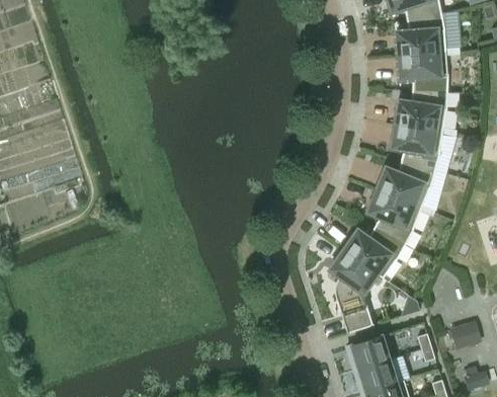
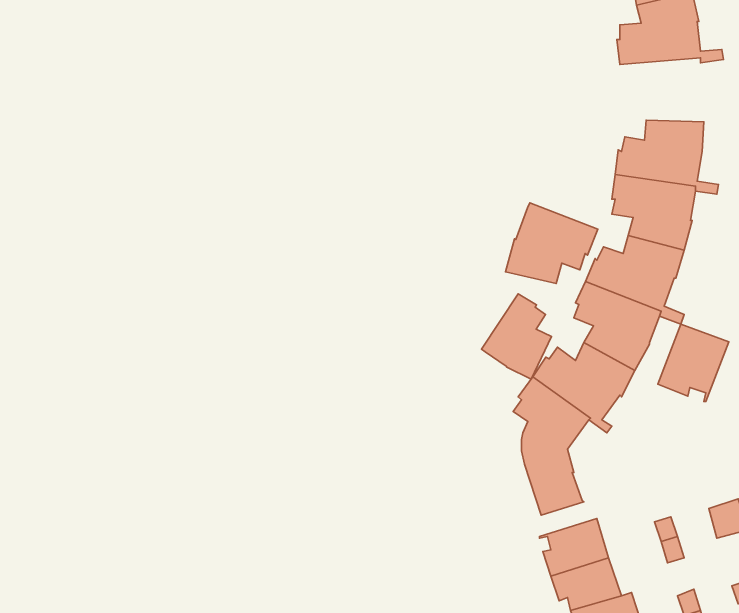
building: [397,52,449,91] -> none
building: none -> [506,203,598,283]
building: none -> [482,294,552,379]
building: none -> [658,324,729,402]

